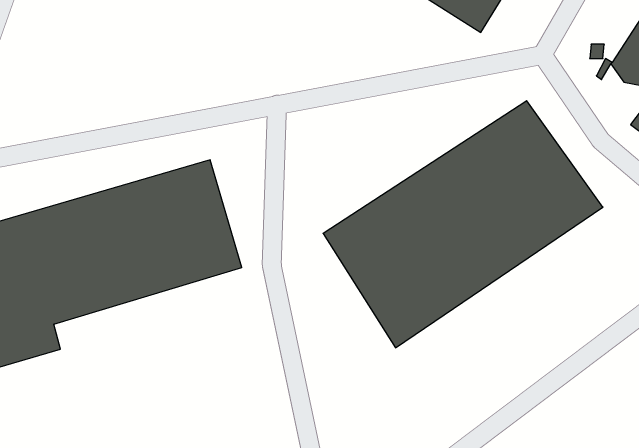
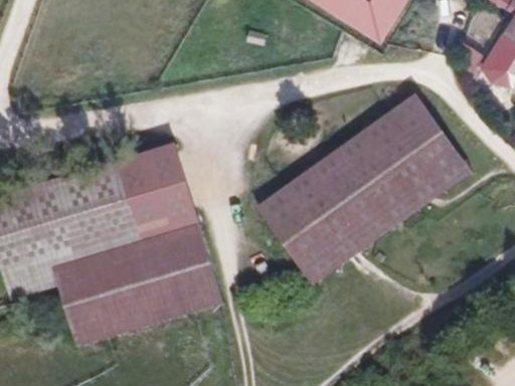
building: none -> [54,223,221,346]

